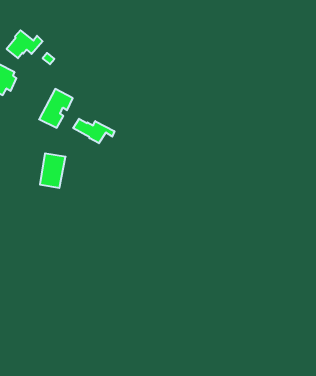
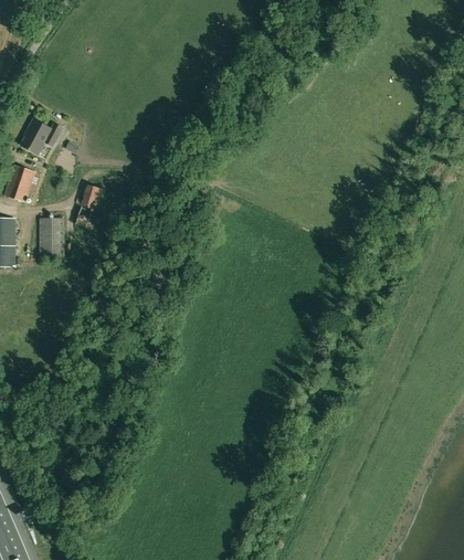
building: [73,119,114,143] -> none
building: [40,153,66,188] -> [39,218,64,256]

